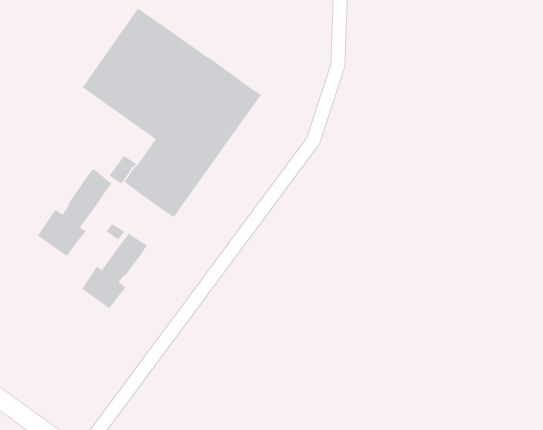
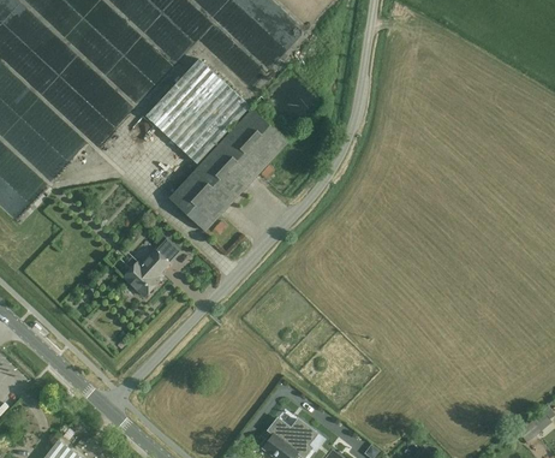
building: [37,168,112,257] -> none

